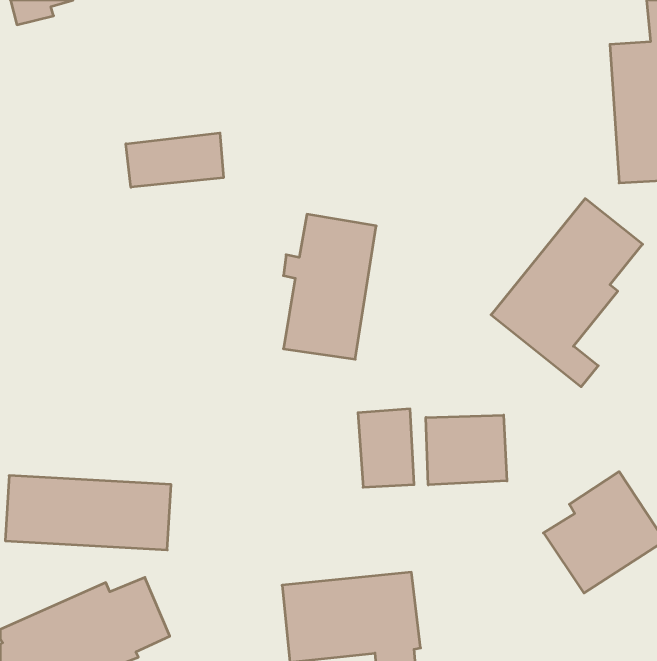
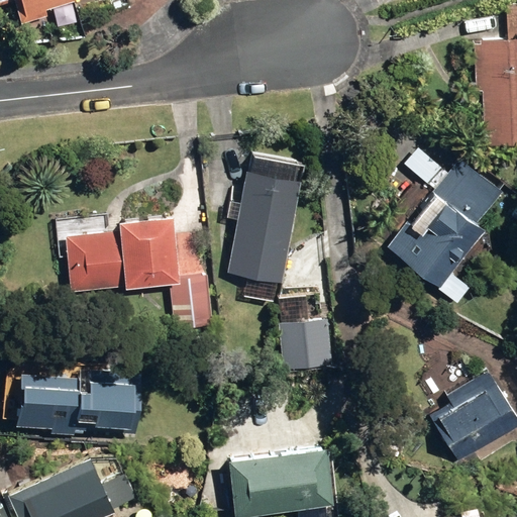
building: [126,133,223,187] -> none
building: none -> [75,220,222,335]
building: [426,415,507,485] -> none

